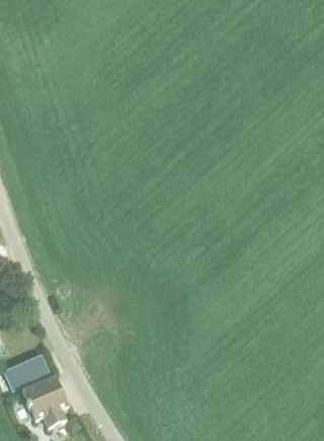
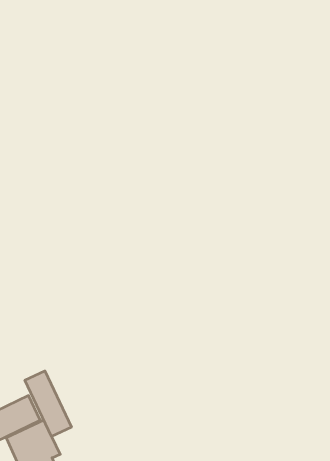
building: none -> [25,371,71,436]

